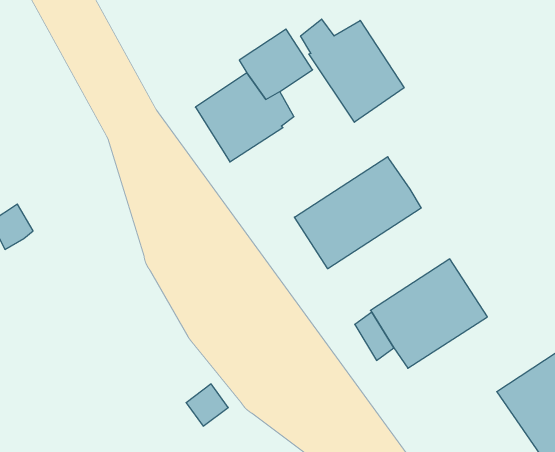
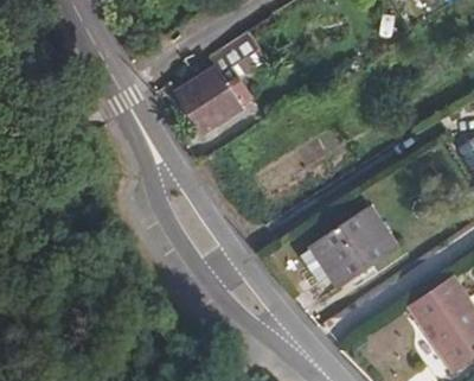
building: [301,19,404,122] -> none
building: [294,157,421,269] -> none

